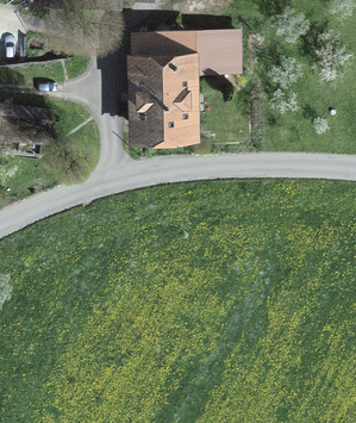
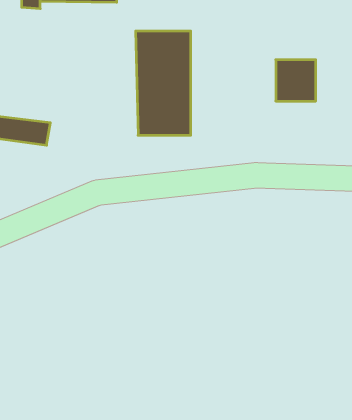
building: [199,33,237,73] -> [276,60,316,101]

